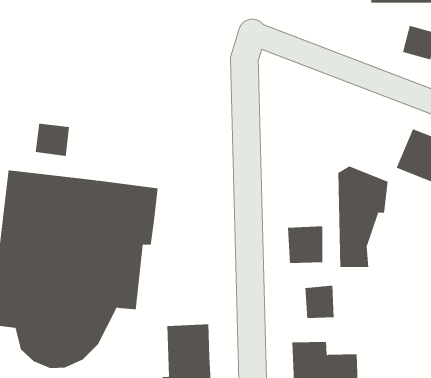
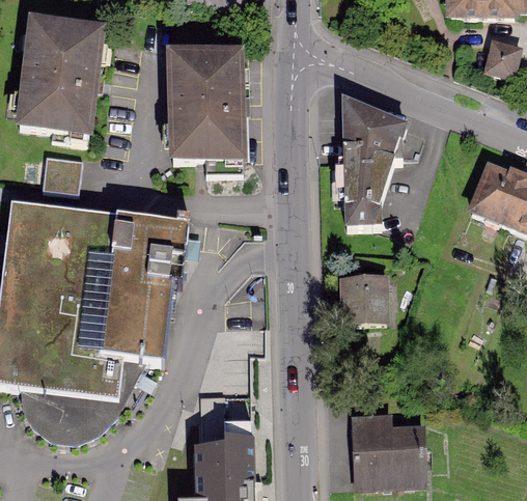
building: none -> [21,19,100,137]
building: none -> [158,52,245,165]
building: [338,166,388,267] -> [344,102,405,222]
building: [305,285,334,319] -> none

